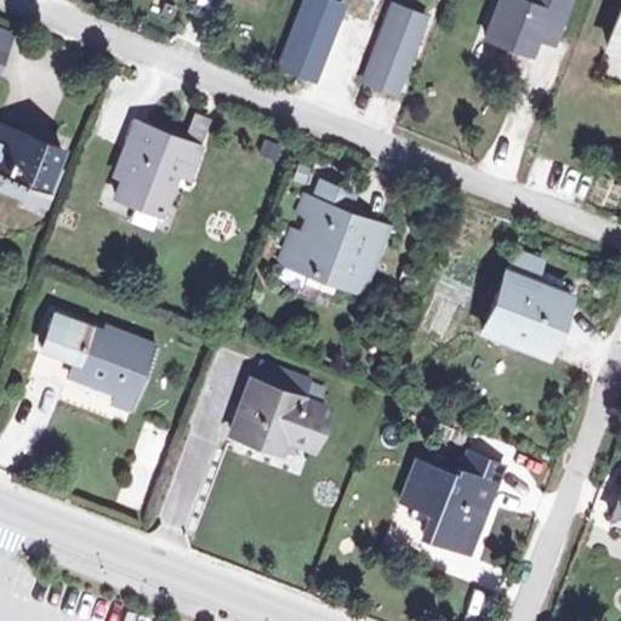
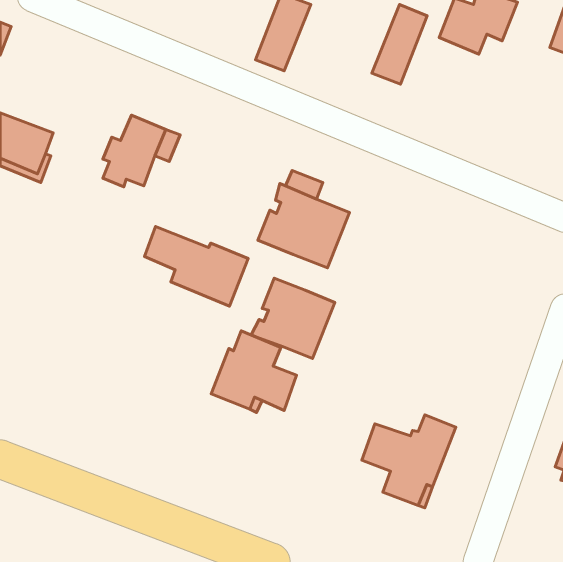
building: [365,7,426,95] -> [372,5,427,84]
building: [484,257,569,359] -> none
building: none -> [251,278,335,358]
building: [44,310,158,398] -> [144,227,248,306]

